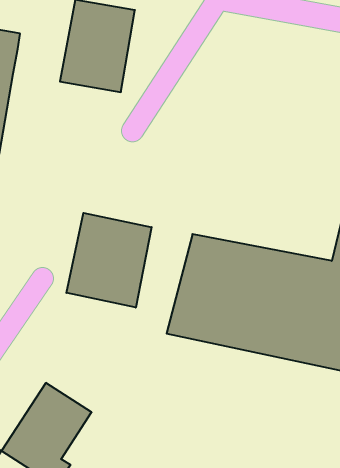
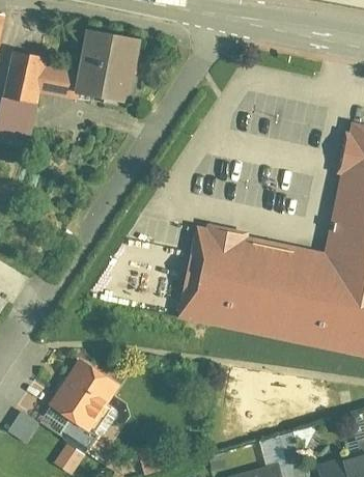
building: none -> [41,65,87,94]
building: [66,213,152,308] -> none

